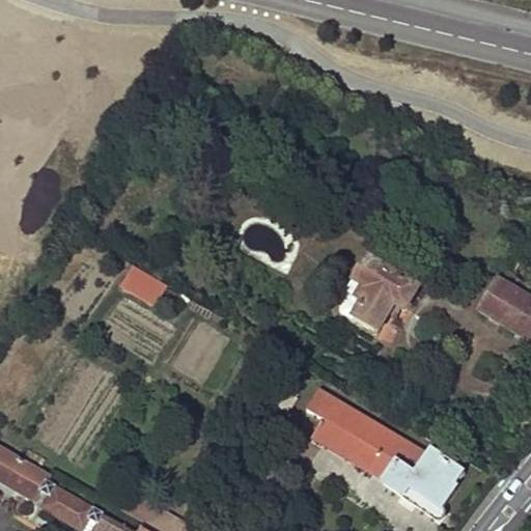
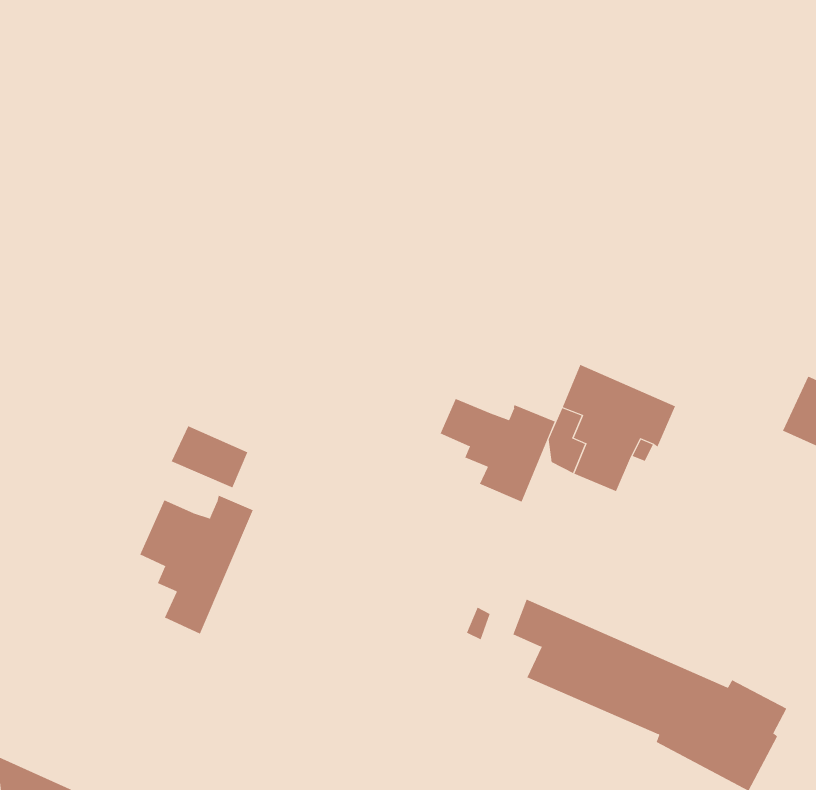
building: none -> [440,398,555,502]
building: none -> [140,495,254,634]

